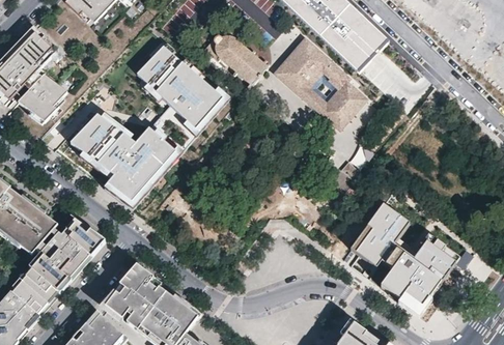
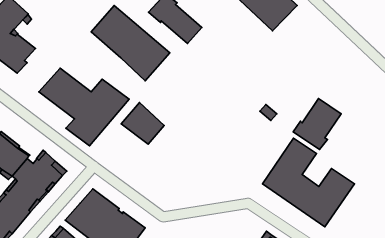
building: [275,37,367,130] -> none
building: [147,104,200,154] -> [121,103,164,144]
building: none -> [293,99,341,149]

